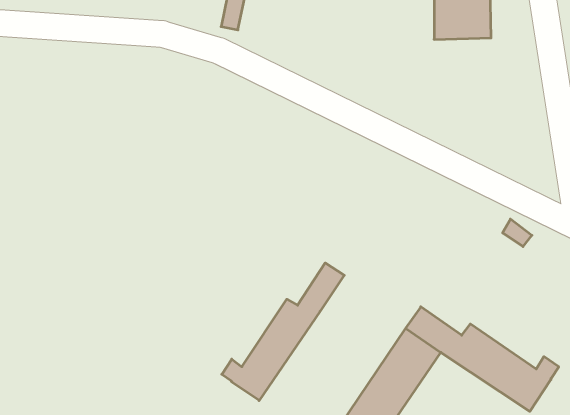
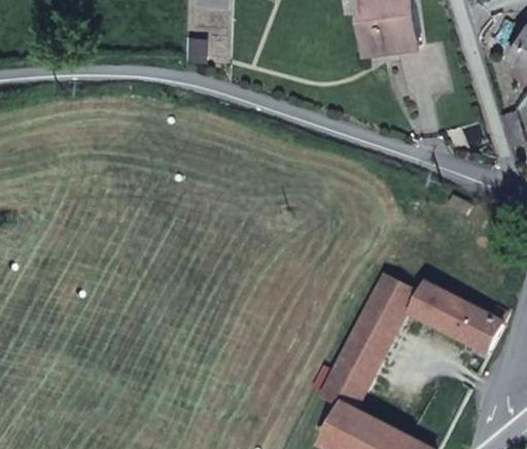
building: [222,263,344,401] -> none

